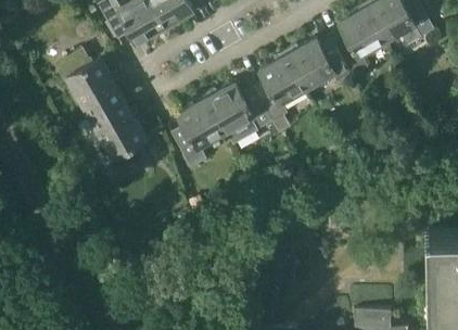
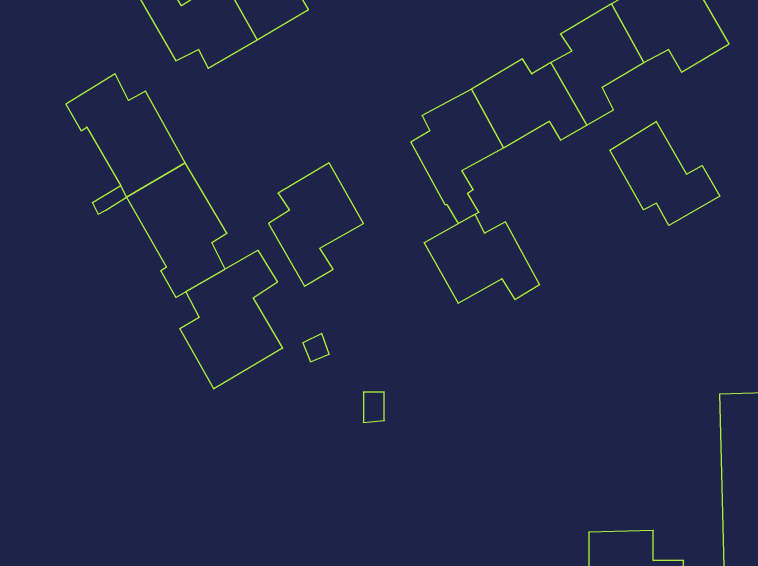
building: none -> [610,121,720,225]
building: [205,81,271,132] -> [424,214,540,303]
building: none -> [180,250,283,389]

